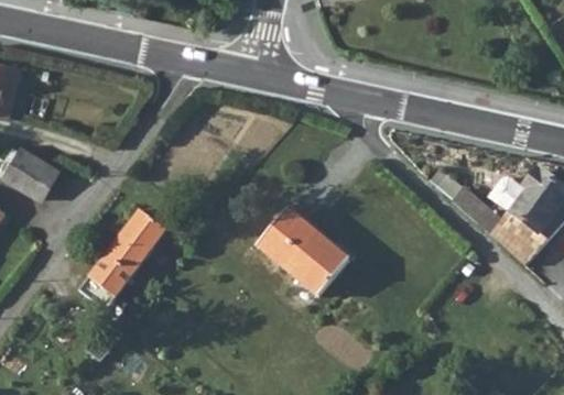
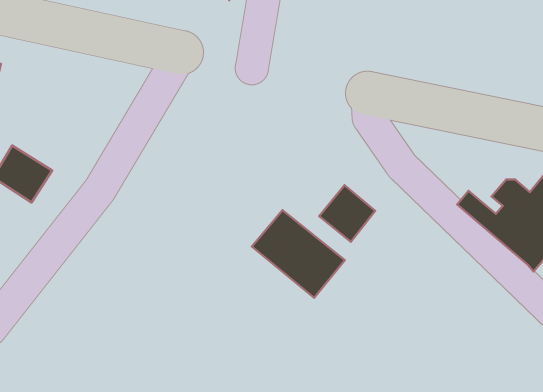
building: none -> [319,185,375,242]
building: [80,210,170,319] -> none

